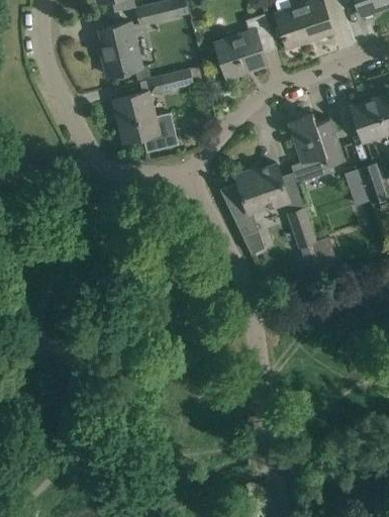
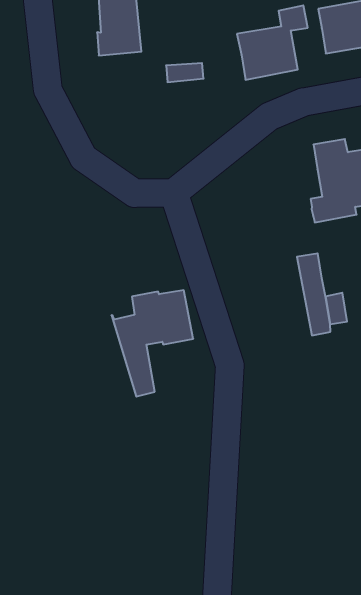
building: [113,92,178,152] -> none
building: [221,165,289,254] -> [111,290,193,397]

